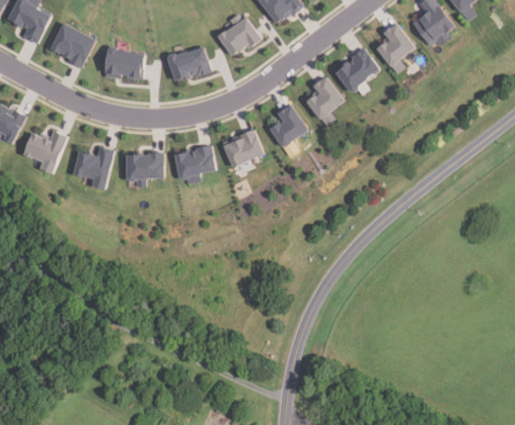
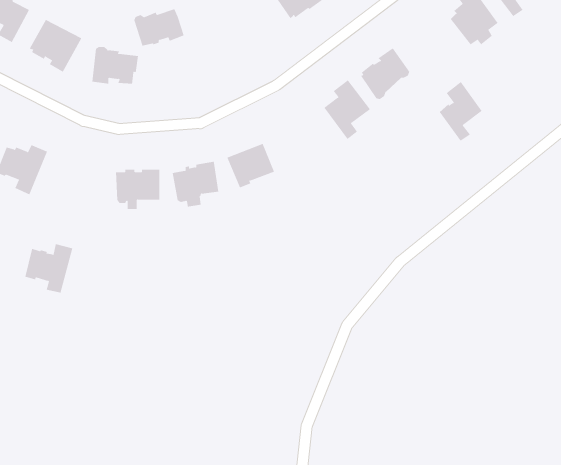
building: [217,14,261,56] -> none
building: [376,22,414,74] -> [439,81,483,142]
building: [167,48,211,80] -> [134,8,184,46]
building: [269,104,306,147] -> none
building: [72,147,114,190] -> [24,244,73,293]

